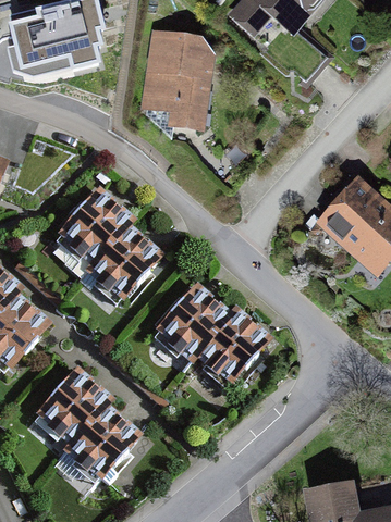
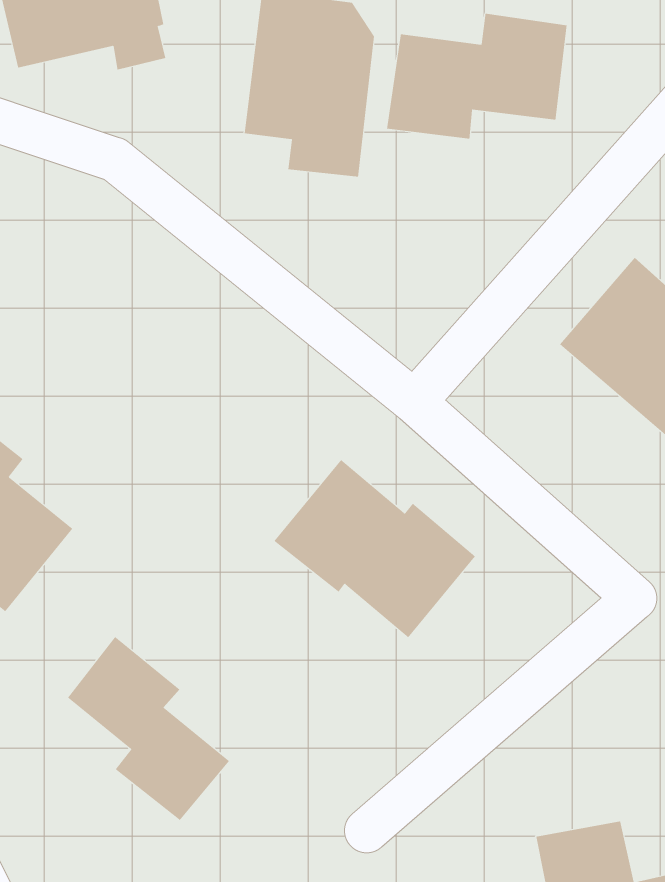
building: none -> [387,13,567,140]
building: [61,187,159,298] -> none

